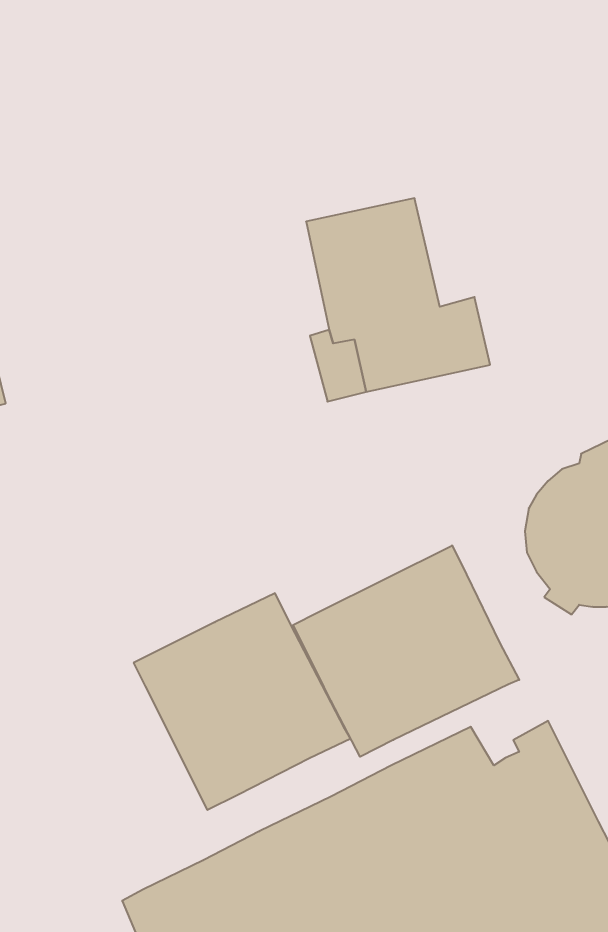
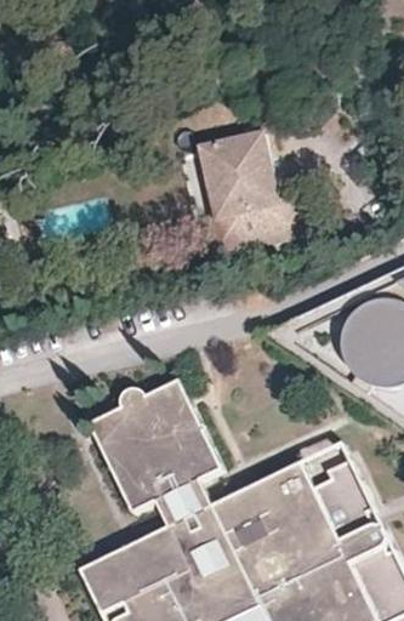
building: [293,545,519,757] -> none
building: none -> [152,482,210,528]

